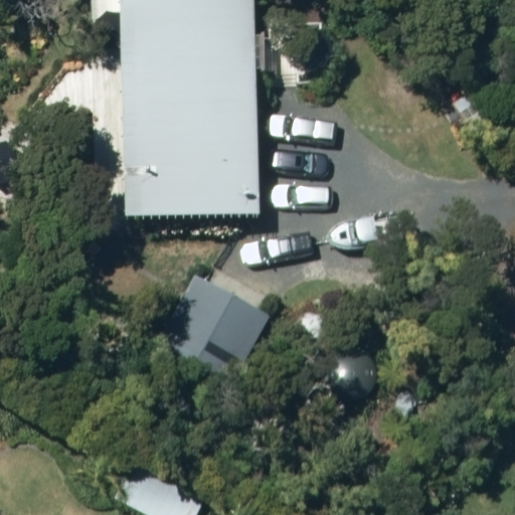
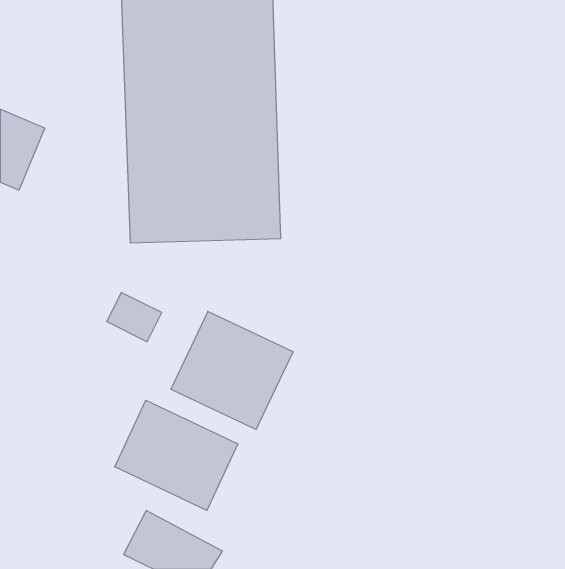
building: none -> [115,400,238,510]

